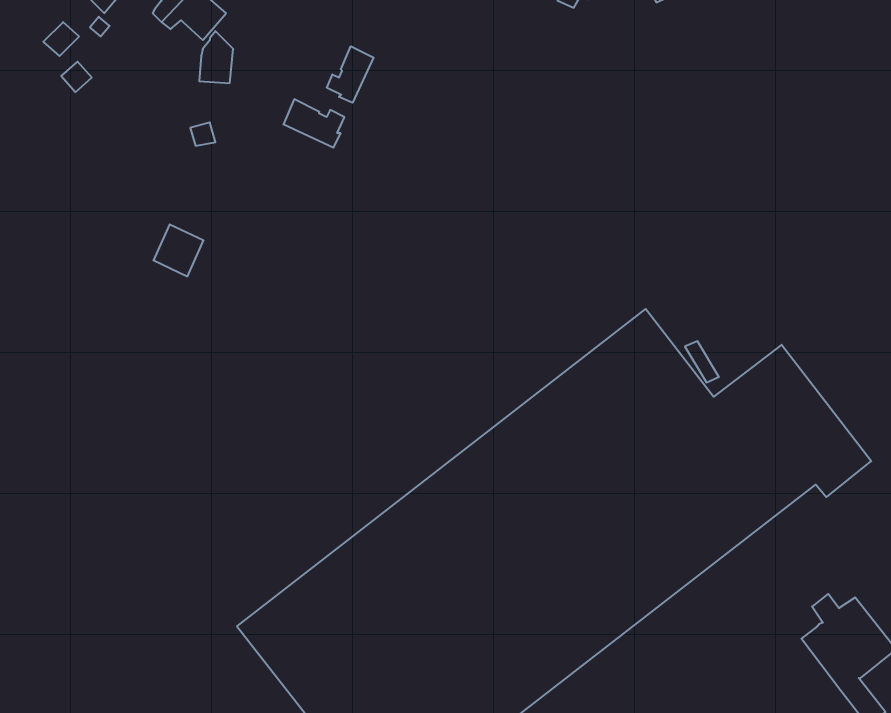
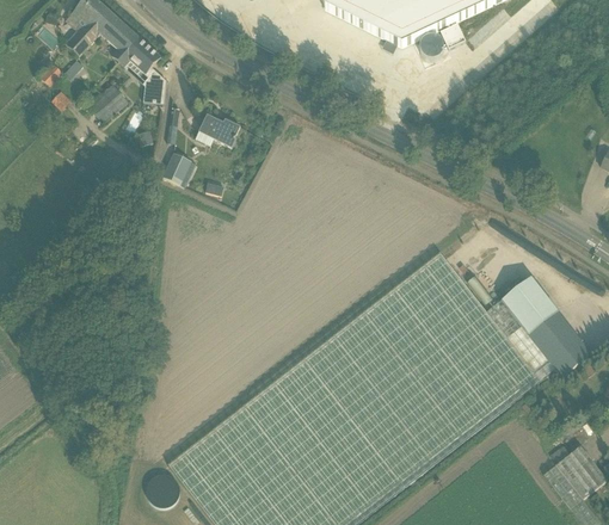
building: [327,46,373,103] -> none
building: none -> [86,81,128,122]
building: [153,224,204,276] -> [161,150,195,185]

